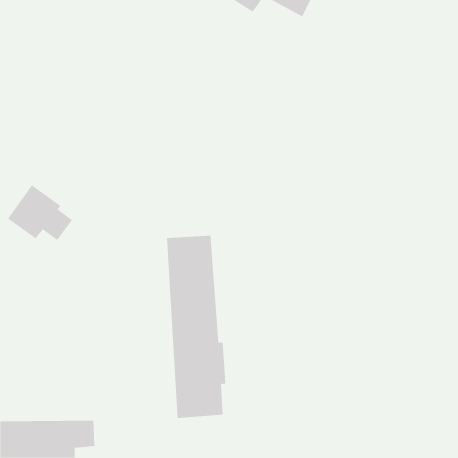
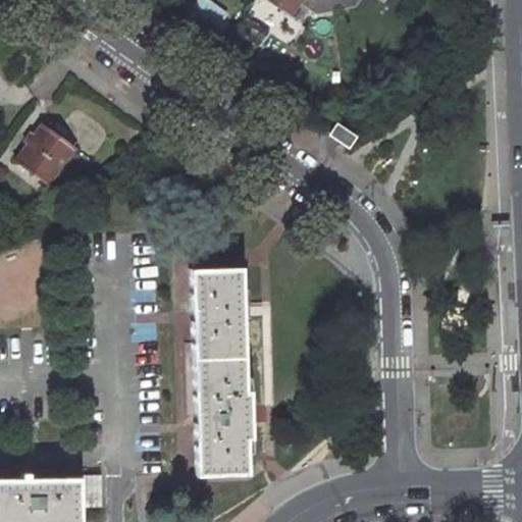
building: [7,184,73,241] -> [13,126,88,191]

